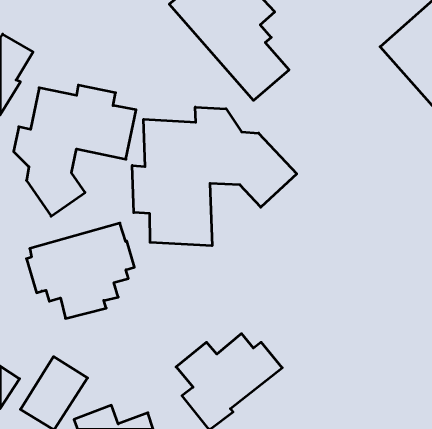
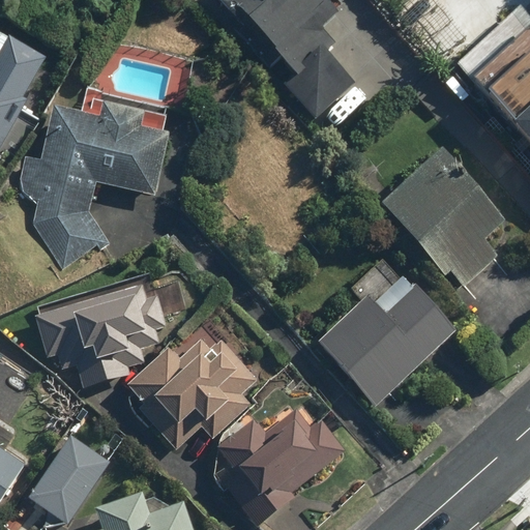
building: [132,107,297,246] -> none
building: none -> [379,152,503,287]
building: none -> [314,289,451,408]
building: none -> [128,315,258,448]

